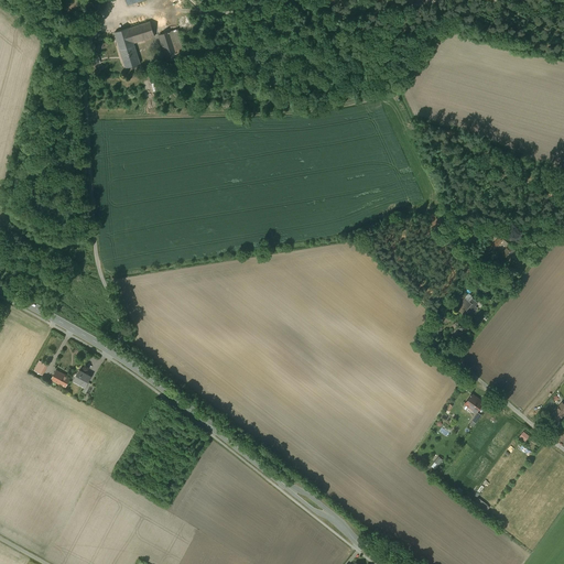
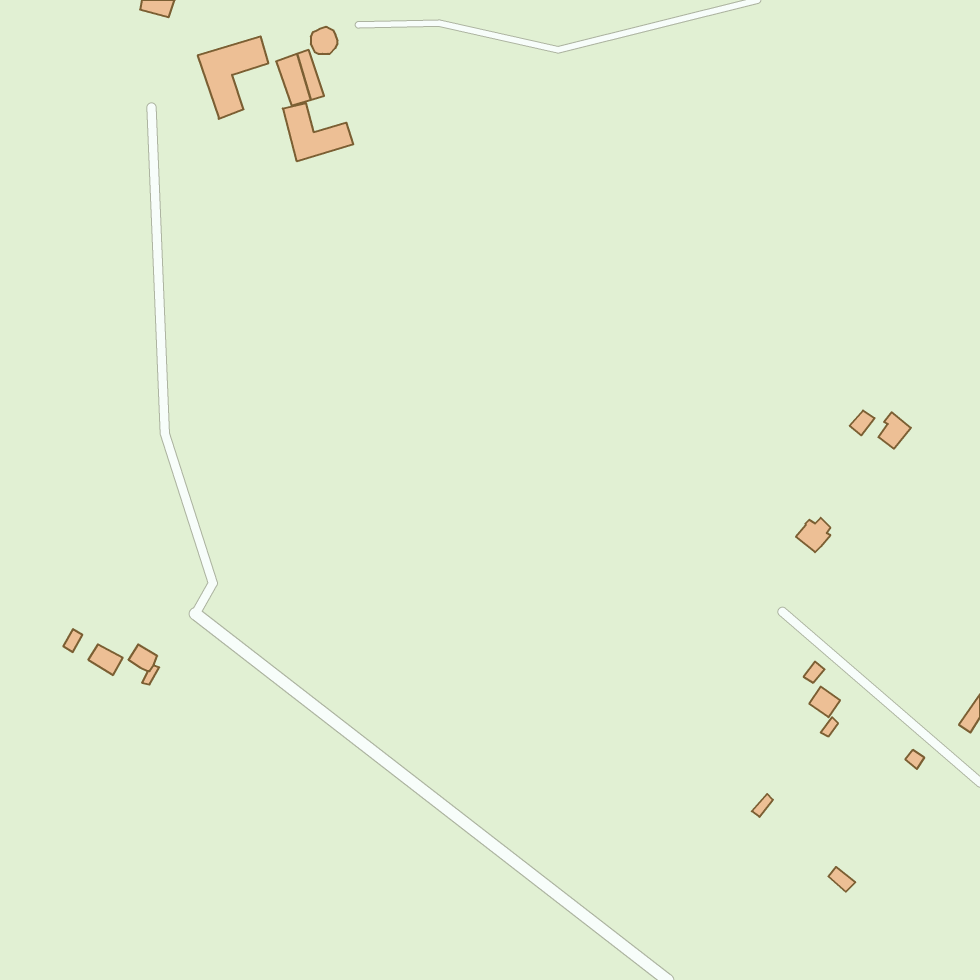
building: none -> [283,103,353,161]

